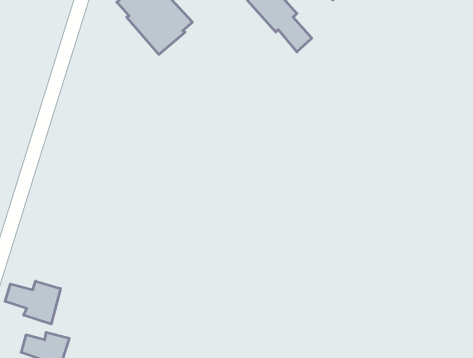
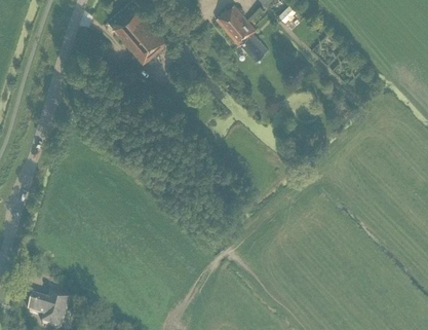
building: [5,281,60,324] -> none

